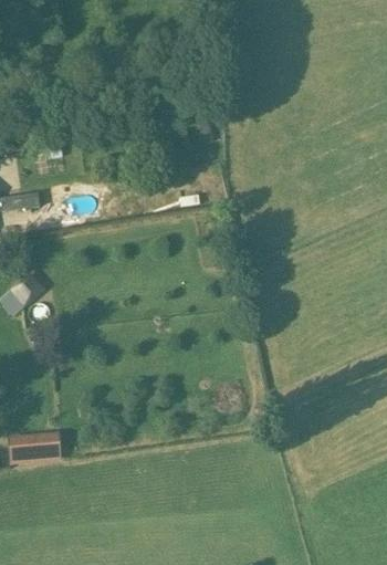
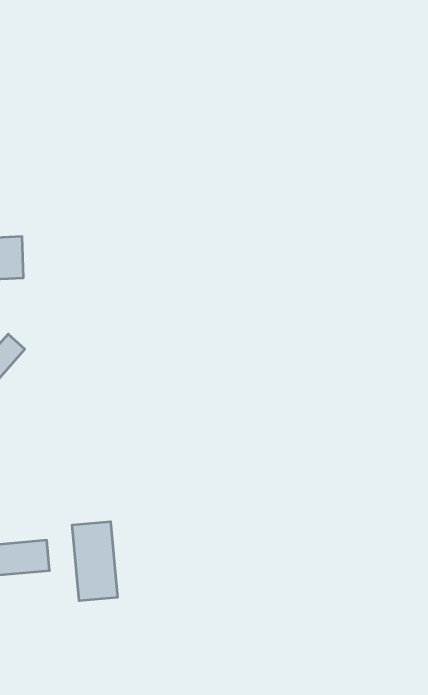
building: none -> [72,522,117,601]

